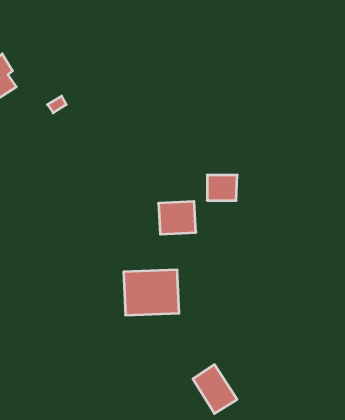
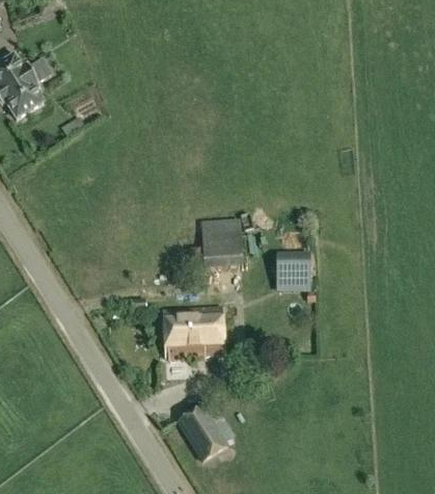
building: [207,175,237,200] -> [277,251,310,279]
building: [193,365,237,414] -> [179,407,227,461]

